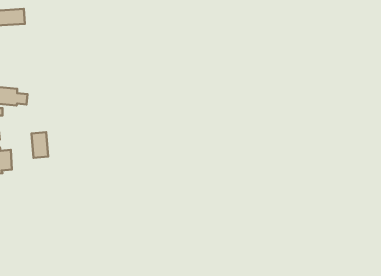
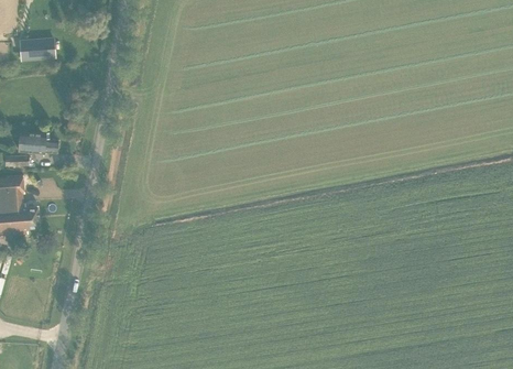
building: [31,132,48,158] -> none

